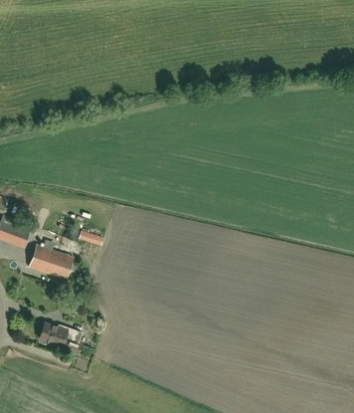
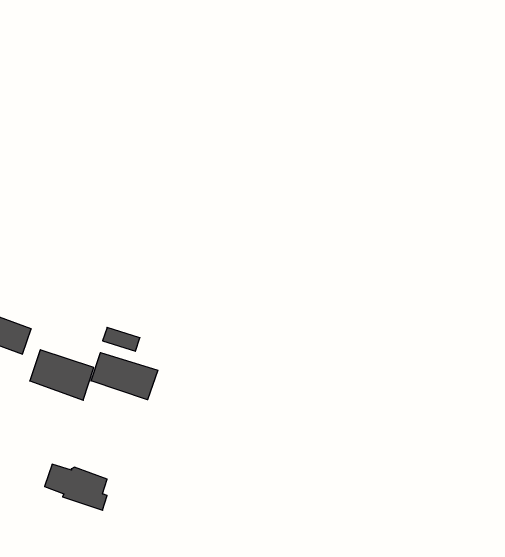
building: none -> [91,353,158,400]

